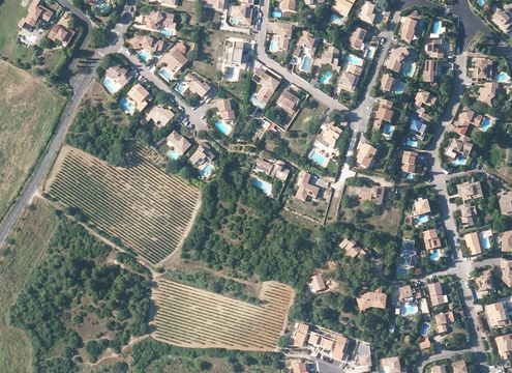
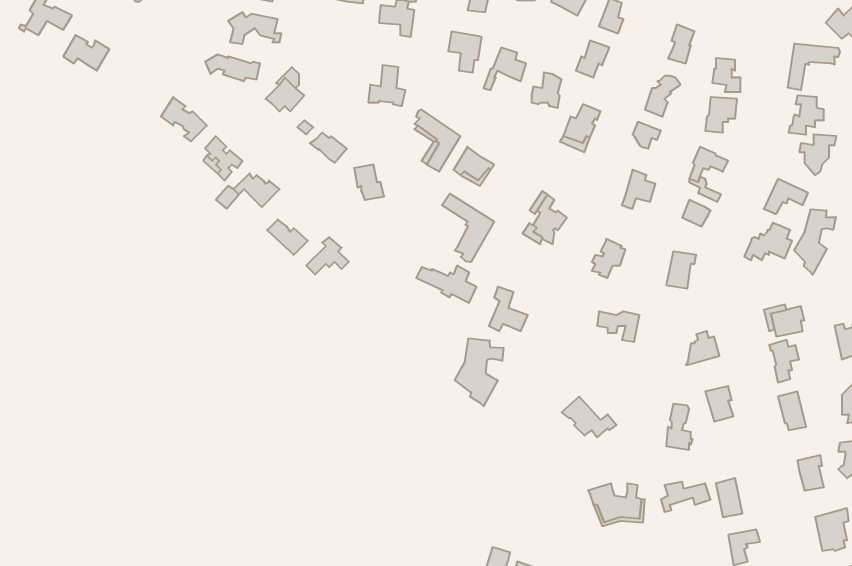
building: none -> [788,43,840,90]
building: none -> [442,193,494,262]
building: none -> [794,209,836,275]
building: none -> [455,338,503,406]

